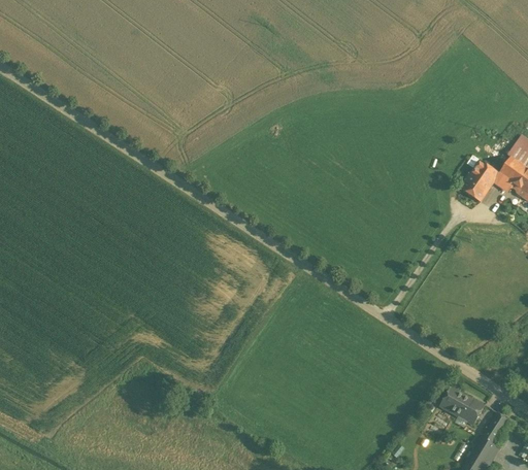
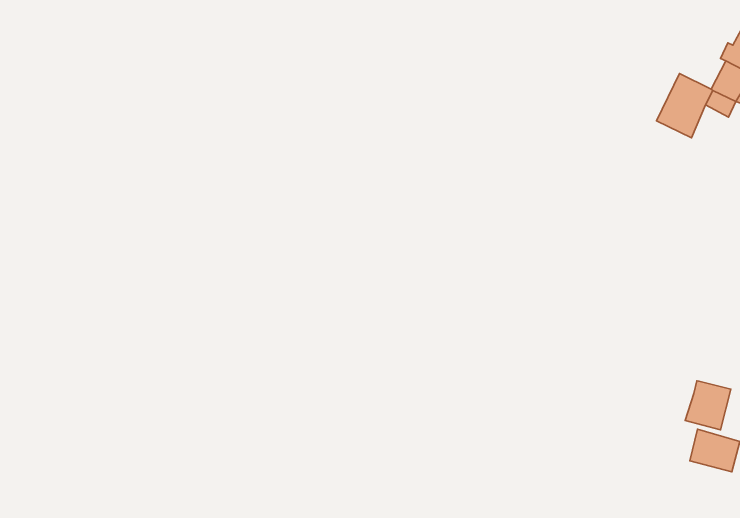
building: none -> [685,381,731,430]

